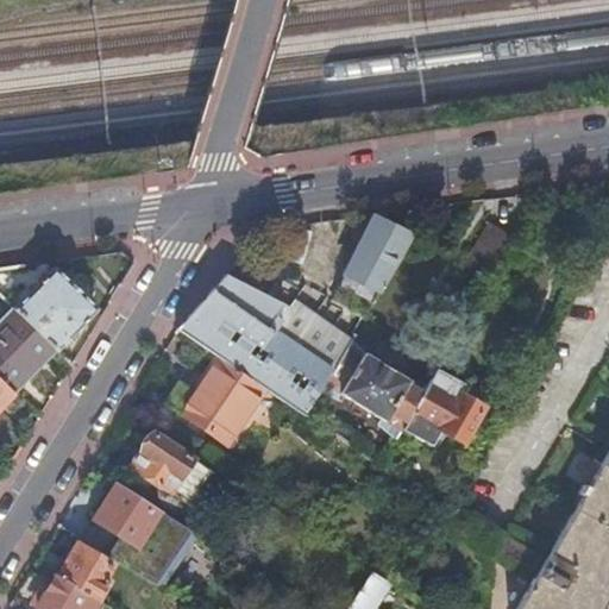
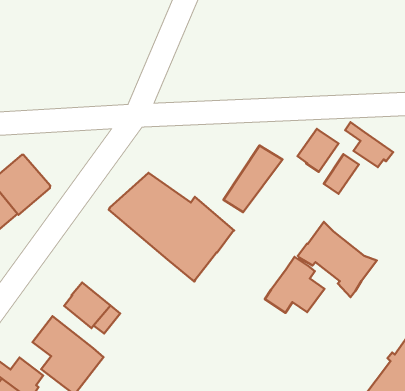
building: none -> [345,122,393,167]
building: none -> [298,129,338,172]
building: [321,340,429,439] -> [298,222,377,297]
building: [167,357,266,445] -> none

